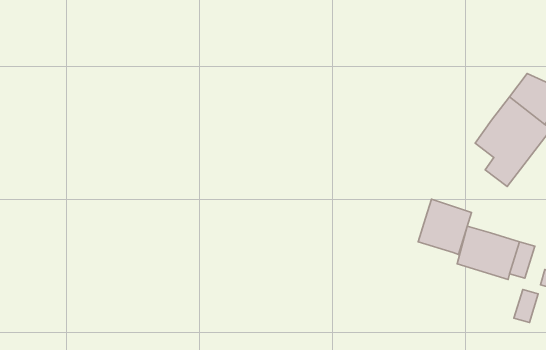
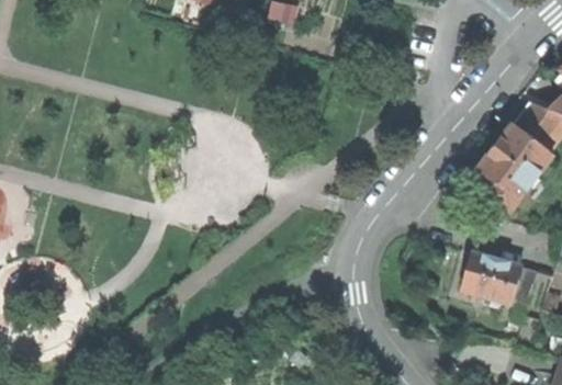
building: [418,199,471,255] -> none

